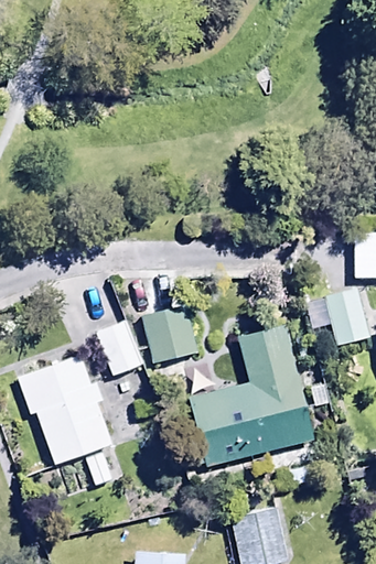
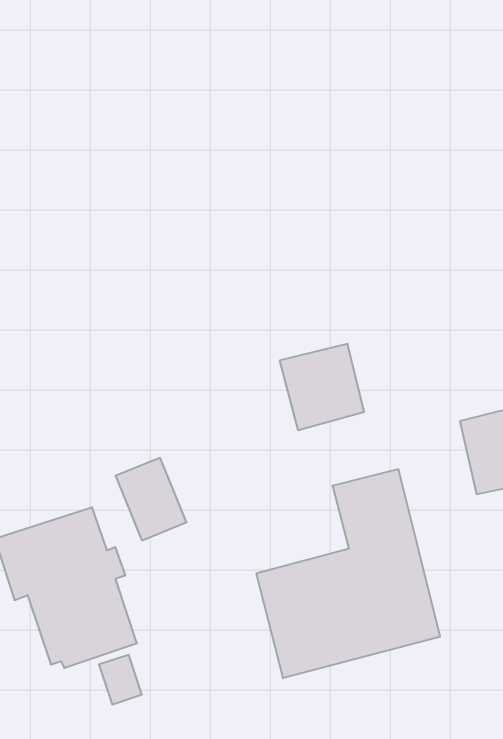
building: [142,306,198,364] -> [280,344,364,430]

